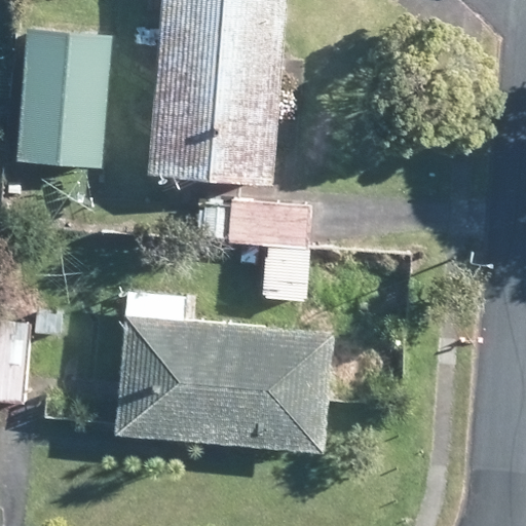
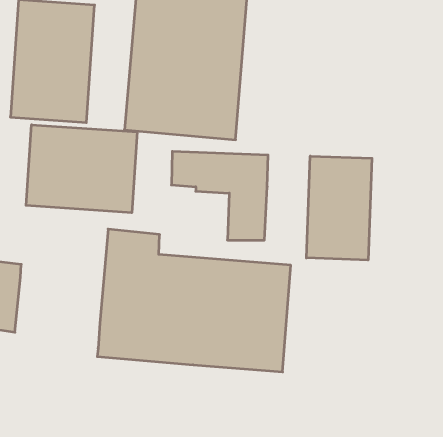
building: none -> [26,125,137,213]
building: none -> [306,156,372,260]

